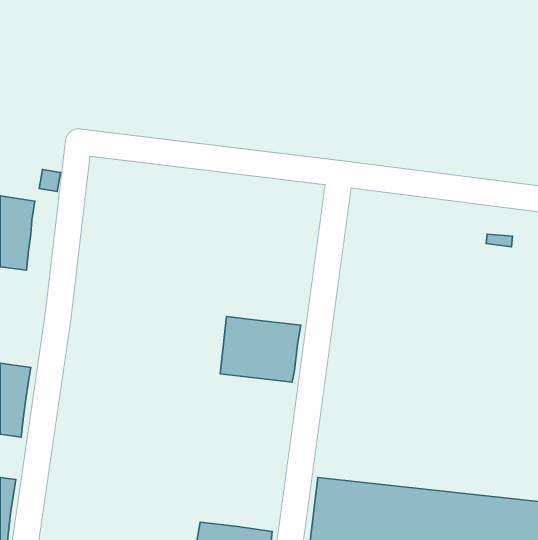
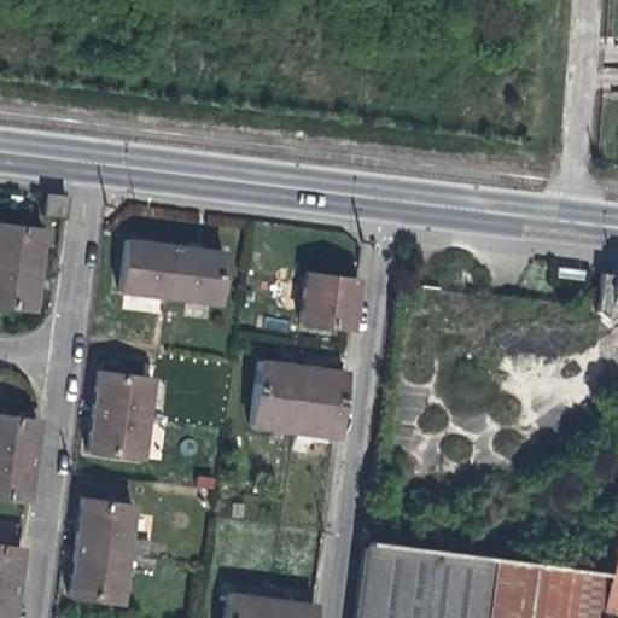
building: none -> [122,241,223,304]
building: none -> [299,276,358,327]
building: none -> [91,373,151,456]
building: none -> [71,500,134,602]

